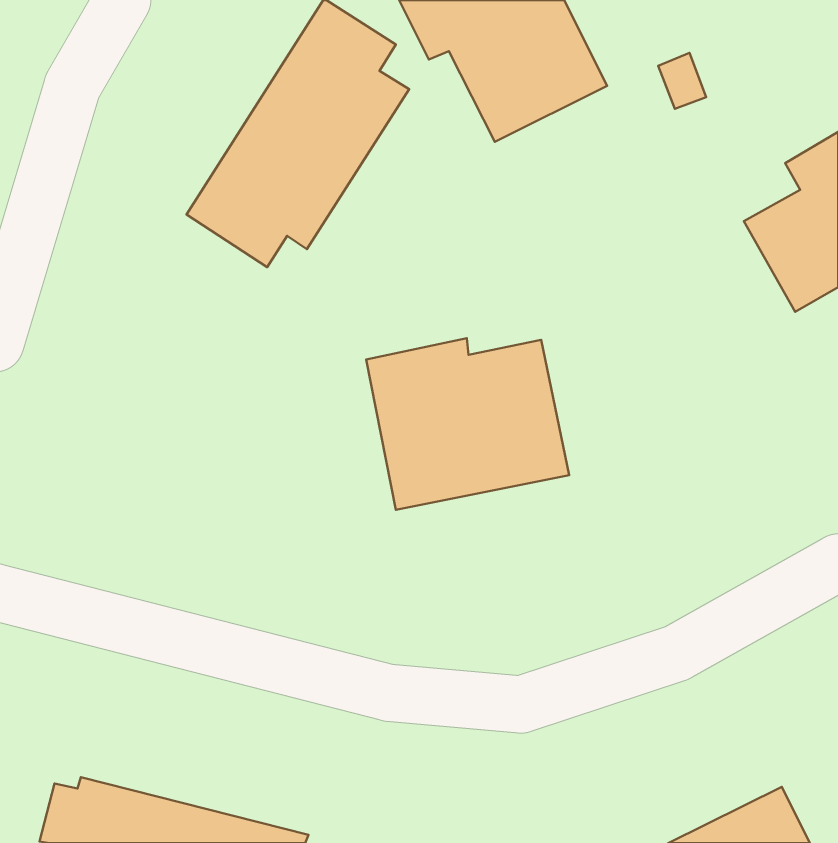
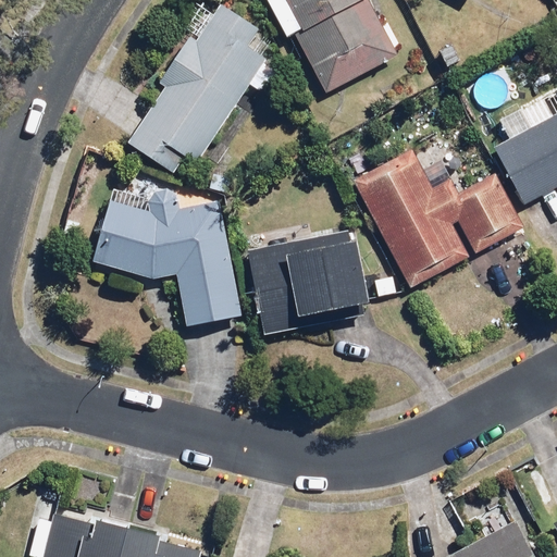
building: none -> [356,138,524,292]
building: none -> [92,181,245,331]

